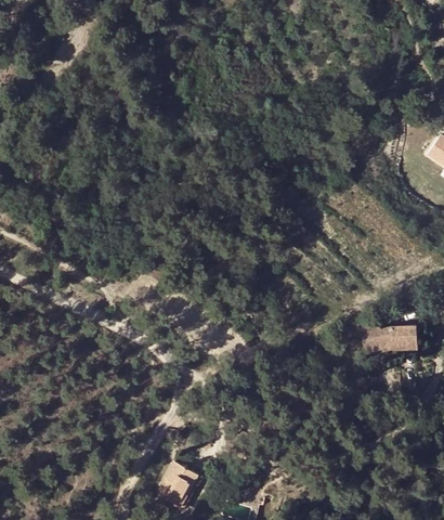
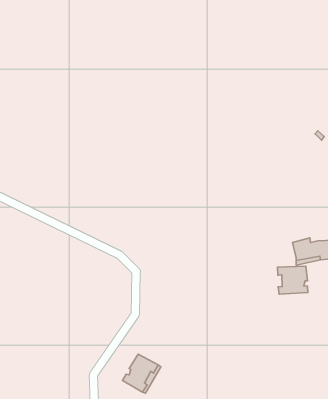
building: none -> [278,266,308,294]

